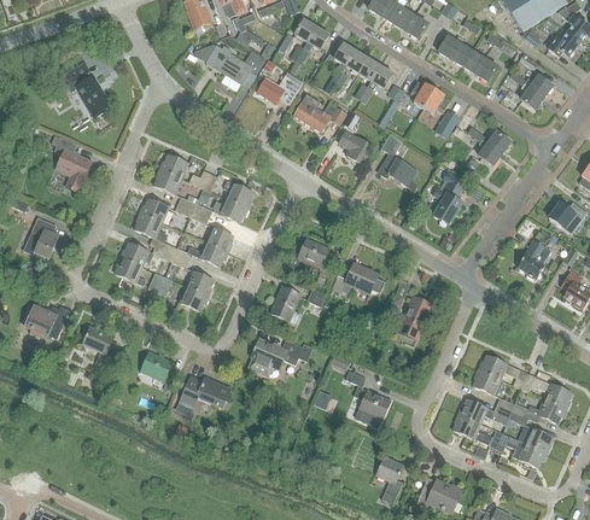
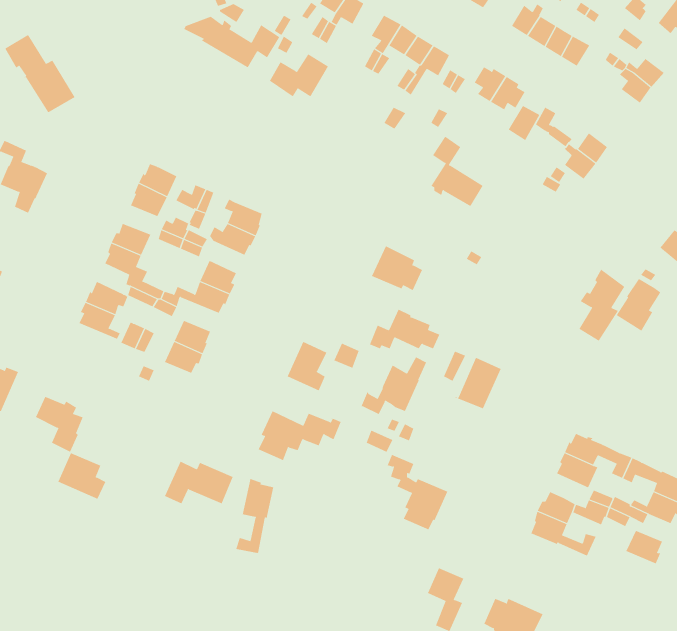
building: [293,93,345,132] -> none
building: [339,130,373,163] -> none
building: [432,170,467,224] -> [578,269,625,342]
building: [297,235,335,269] -> [371,246,423,291]
building: none -> [361,357,427,415]
building: [140,350,176,385] -> [58,453,106,499]
building: none -> [235,478,274,554]
building: [495,432,547,467] -> none

